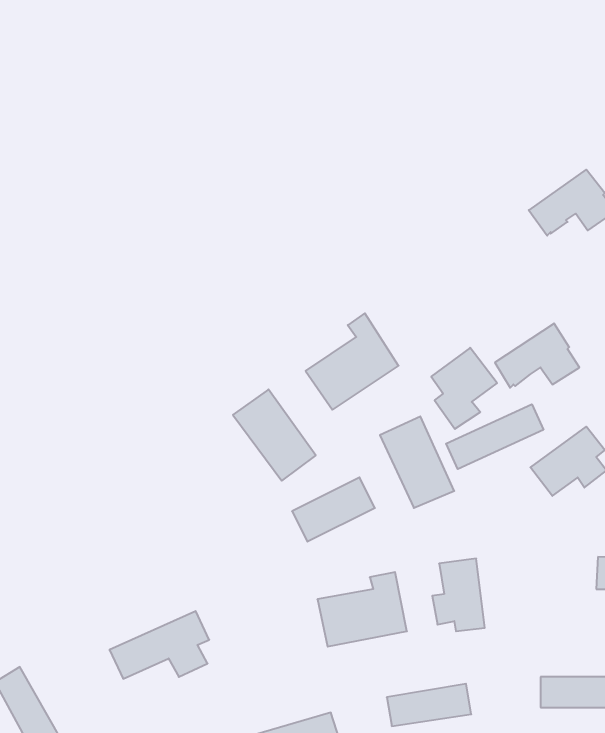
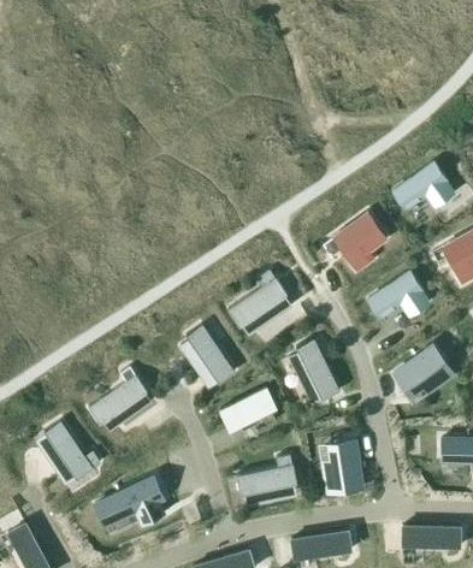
building: [431,348,497,429] -> [337,215,384,273]
building: [446,404,543,469] -> none
building: none -> [90,372,155,430]
building: none -> [37,419,104,484]

